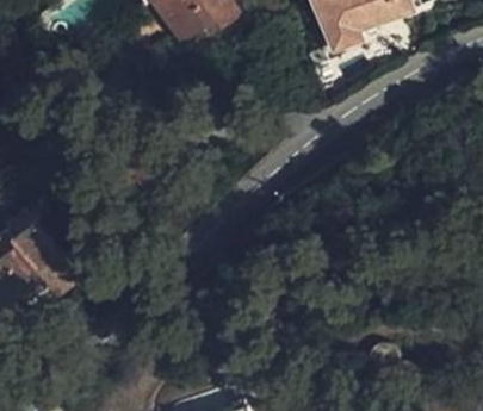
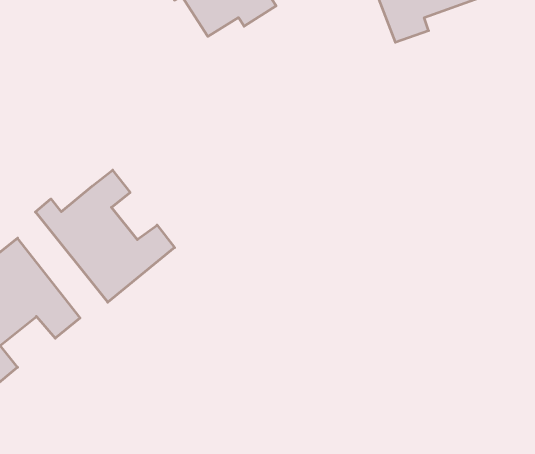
building: none -> [35,170,175,302]

